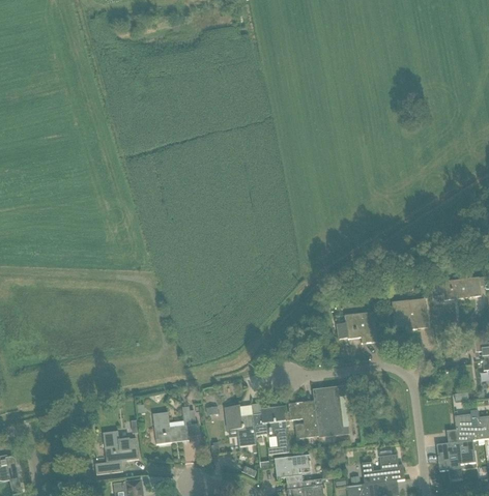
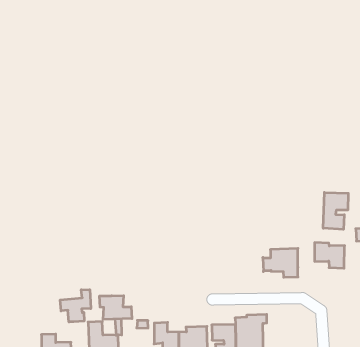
building: none -> [323,192,348,229]
building: none -> [60,290,91,322]
building: none -> [100,296,132,319]

